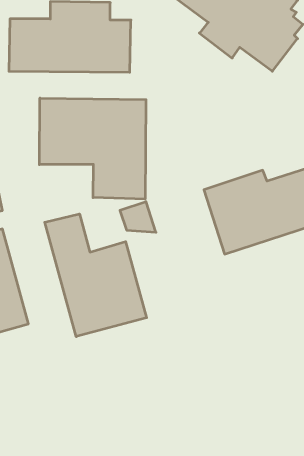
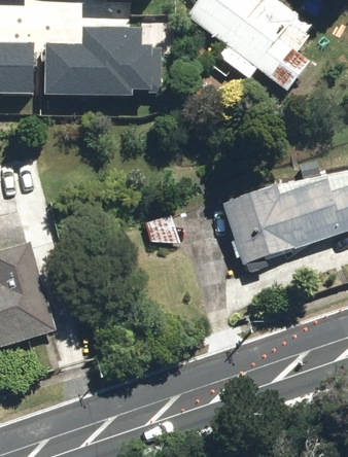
building: [39,98,146,199] -> none
building: [45,214,147,337] -> none

